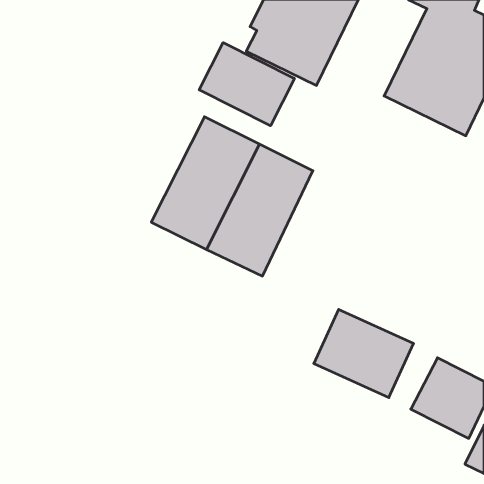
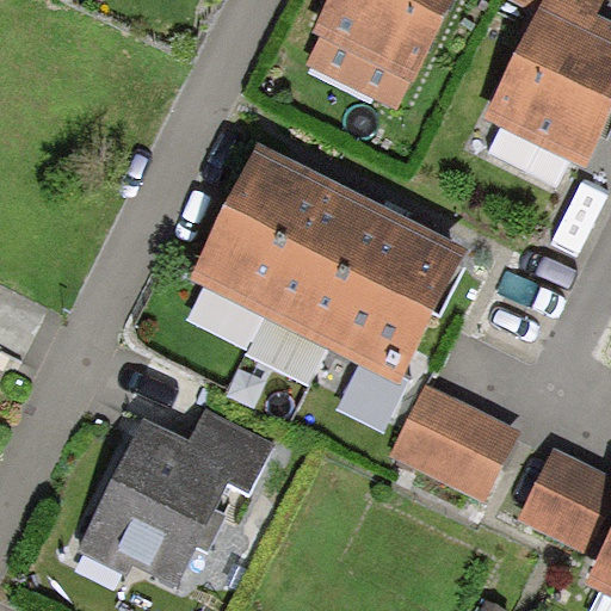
building: [199,43,294,126] -> none
building: none -> [329,215,464,381]
building: none -> [86,411,272,586]

